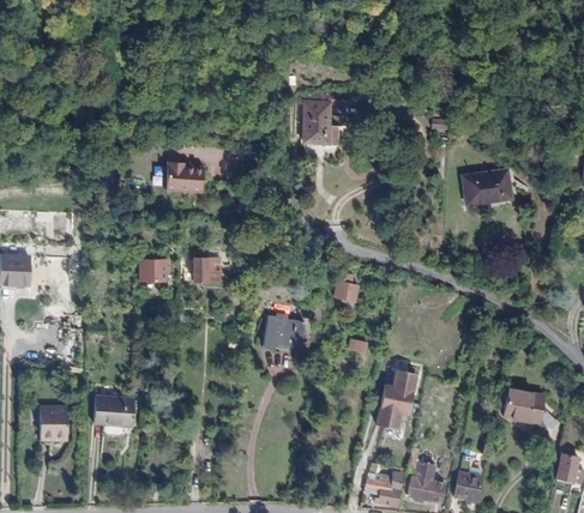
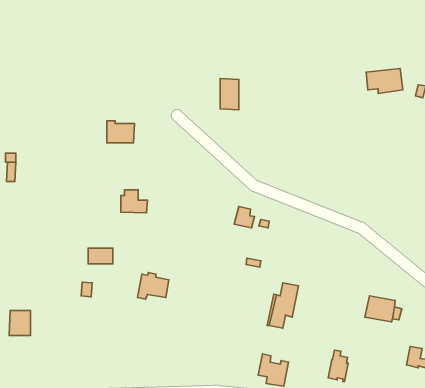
building: [463,170,511,203] -> [366,69,403,93]
building: [142,259,174,279] -> [88,248,113,264]
building: [263,313,303,348] -> [137,272,169,299]
building: [94,396,134,434] -> none
building: [408,460,444,501] -> none

